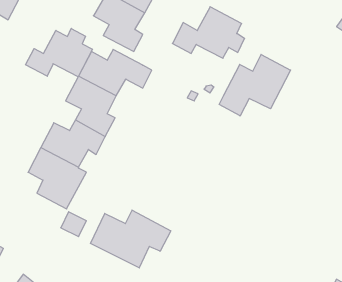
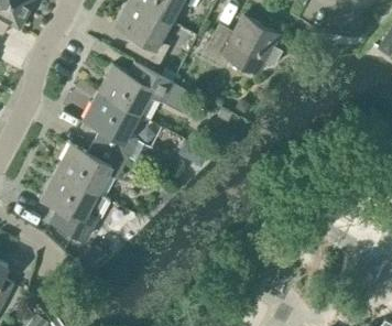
building: [26,28,92,77] -> none
building: [219,54,291,116] -> none
building: [91,210,171,268] -> none

